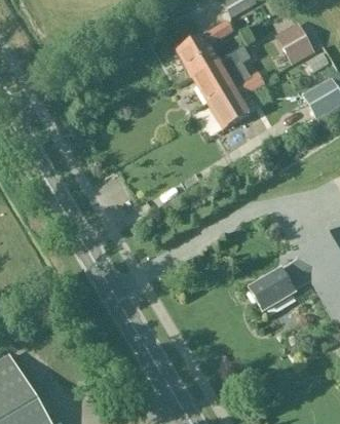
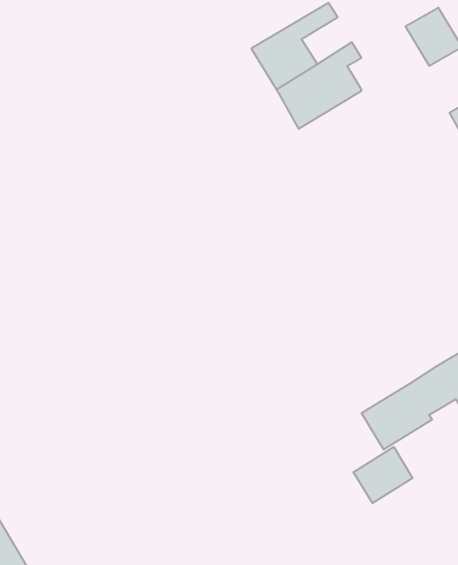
building: [206,72,262,129] -> none
building: none -> [353,447,413,503]

